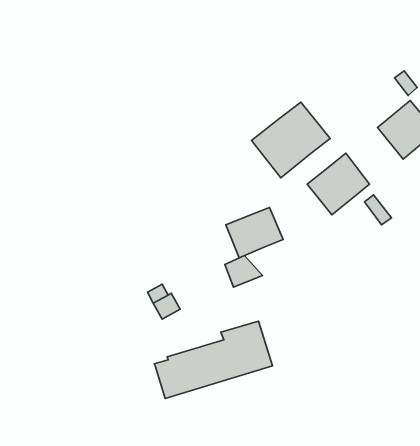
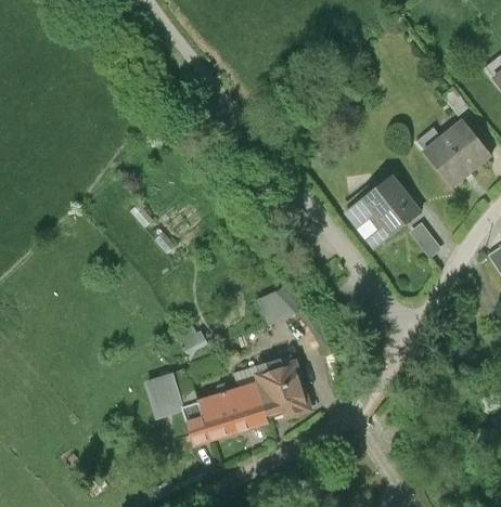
building: [252,102,330,178] -> none
building: [226,208,283,258] -> none
building: none -> [146,378,196,418]

